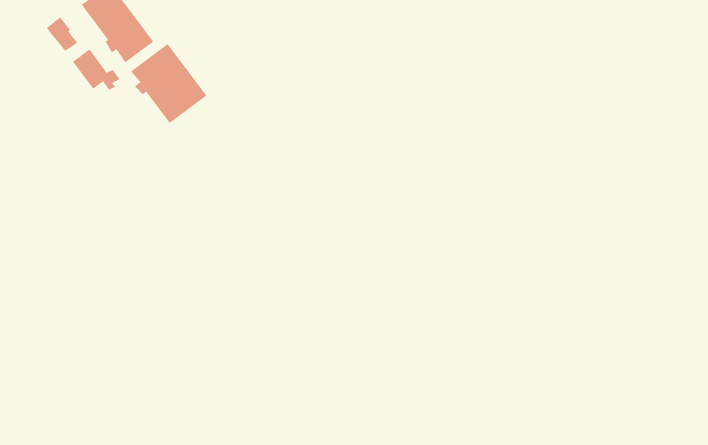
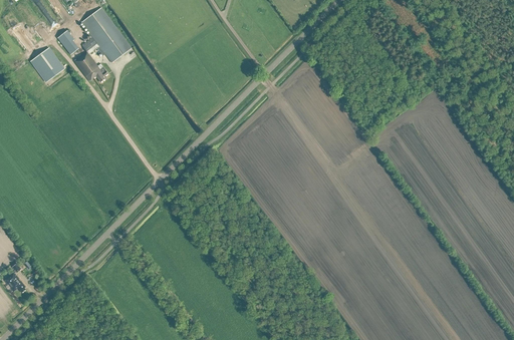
building: none -> [32,44,66,78]
building: [130,43,207,124] -> none

